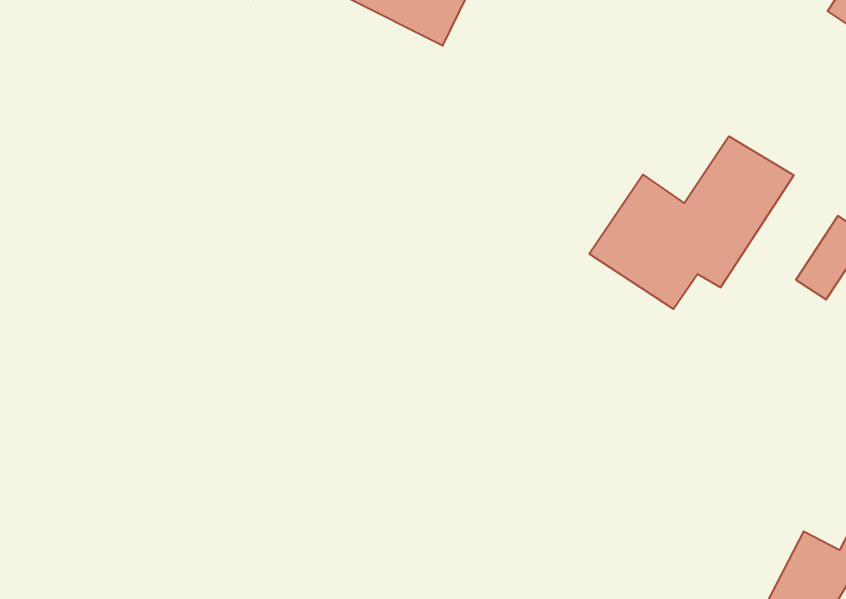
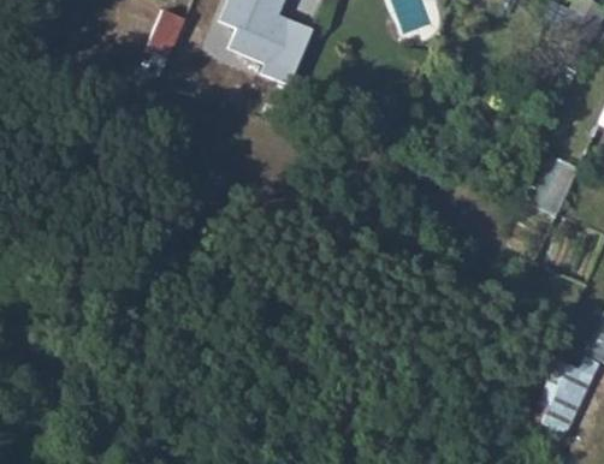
building: [589,136,794,309] -> none

